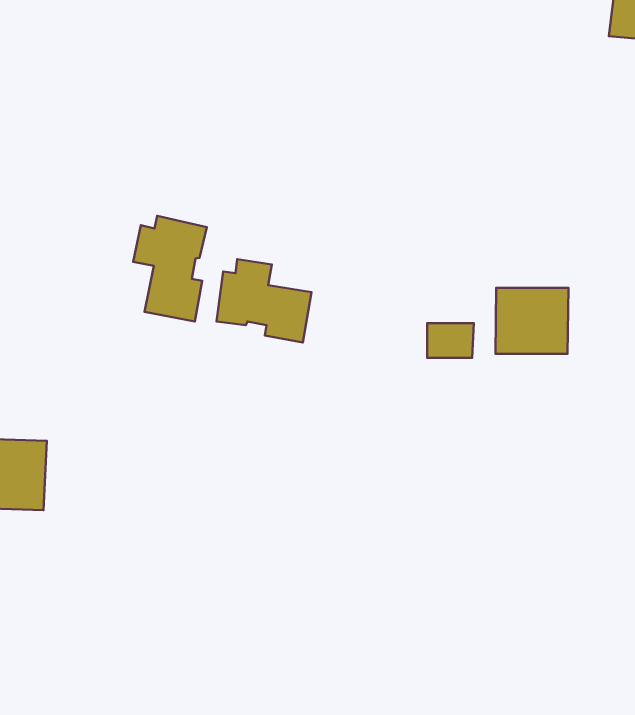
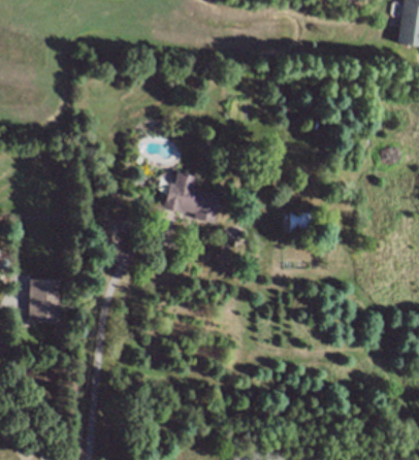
building: [133,216,207,322] -> none
building: [495,288,568,354] -> none

